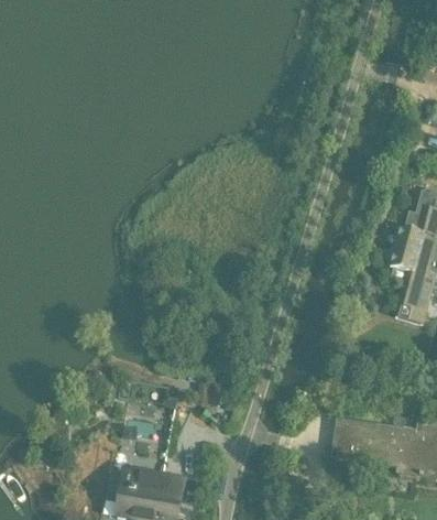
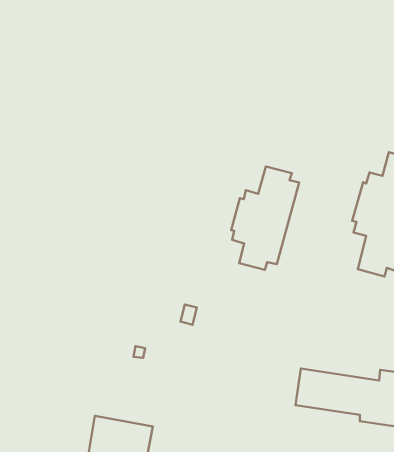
building: none -> [231,166,299,270]

